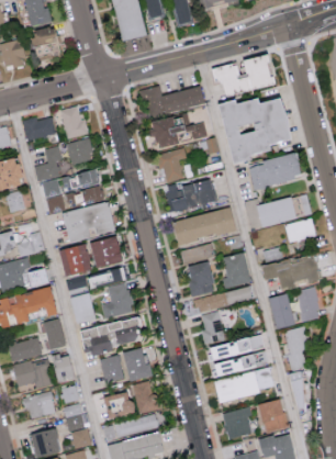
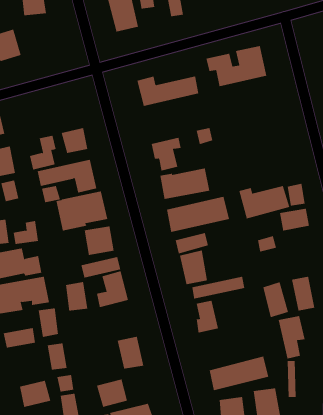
building: [31,27,63,63] -> none
building: [217,100,288,163] -> none
building: [61,107,90,139] -> none
building: [152,115,208,147] -> none
building: [22,116,56,141] -> none
building: [248,154,301,189] -> none
building: [58,244,90,275] -> none
building: [224,253,249,288] -> none
building: [262,258,321,288] -> none
building: [80,317,142,357] -> none
building: [209,335,269,377] -> none
building: [102,356,123,382] -> none
building: [13,358,54,389] -> none
building: [134,382,158,414] -> none

